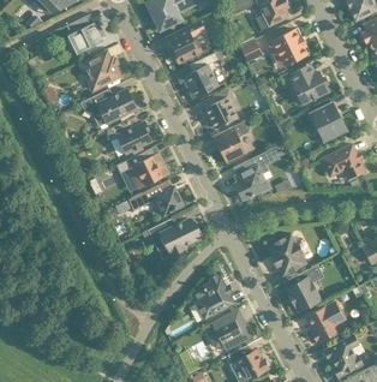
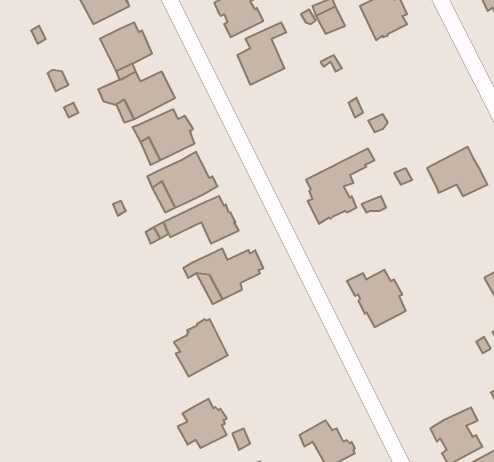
building: [289,64,329,102] -> none
building: [198,90,237,129] -> none
building: [309,102,348,144] -> none
building: [214,121,249,165] -> none
building: [287,265,321,310] -> none
building: [195,277,234,320] -> [174,319,228,377]
building: [306,300,343,342] -> none
building: [209,314,245,350] -> [178,399,227,448]

